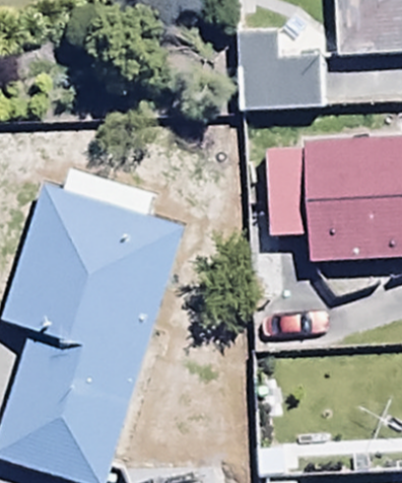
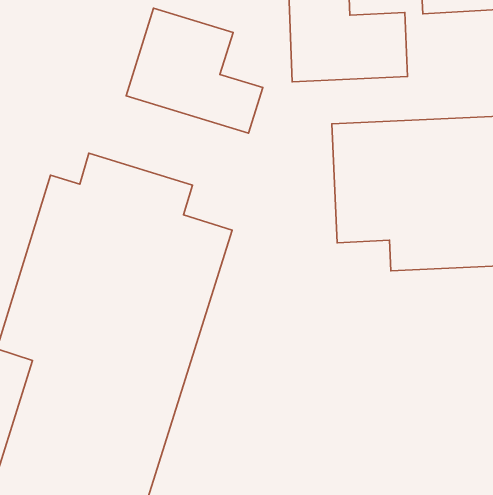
building: none -> [126,8,263,133]

